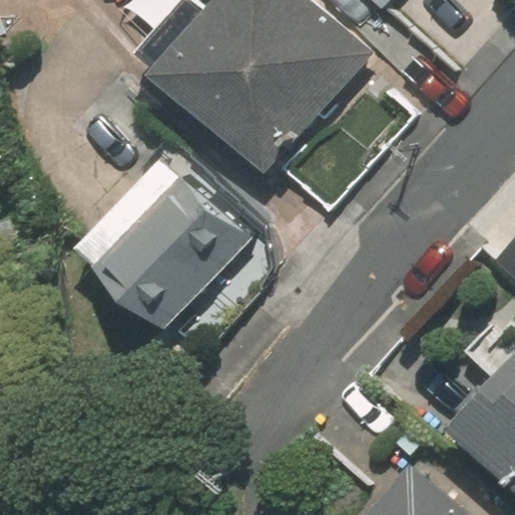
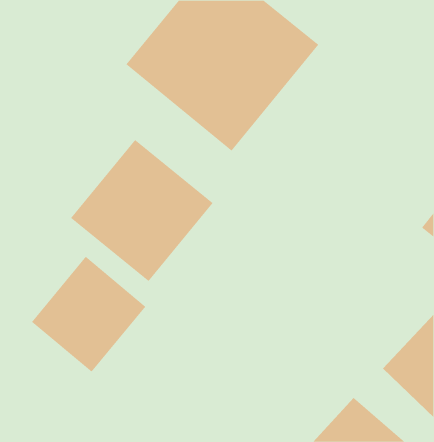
building: none -> [31,256,146,373]

